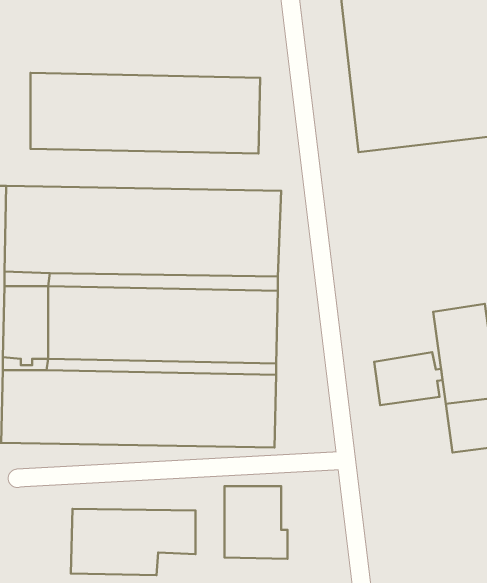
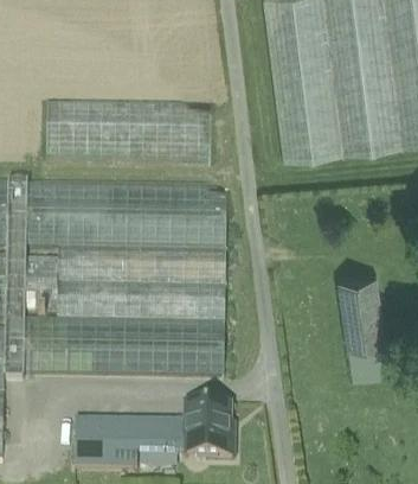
building: [374,352,443,405] -> none
building: none -> [165,422,186,454]

